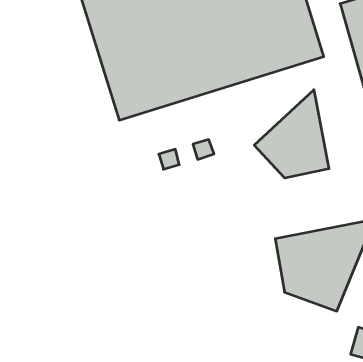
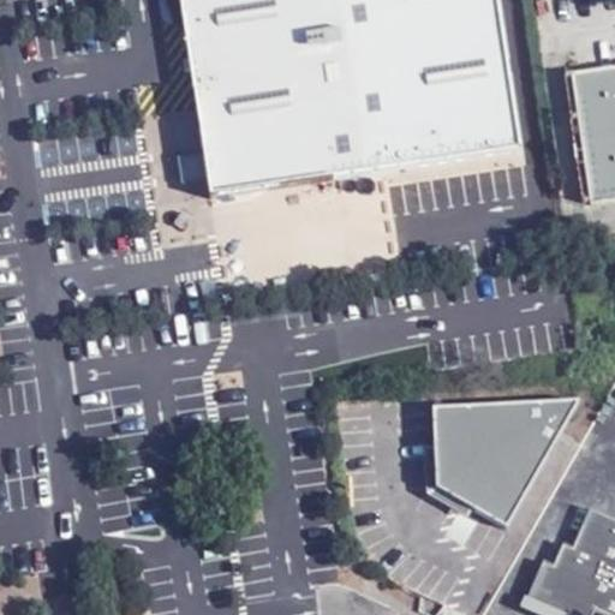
building: [254,90,329,178] -> none

